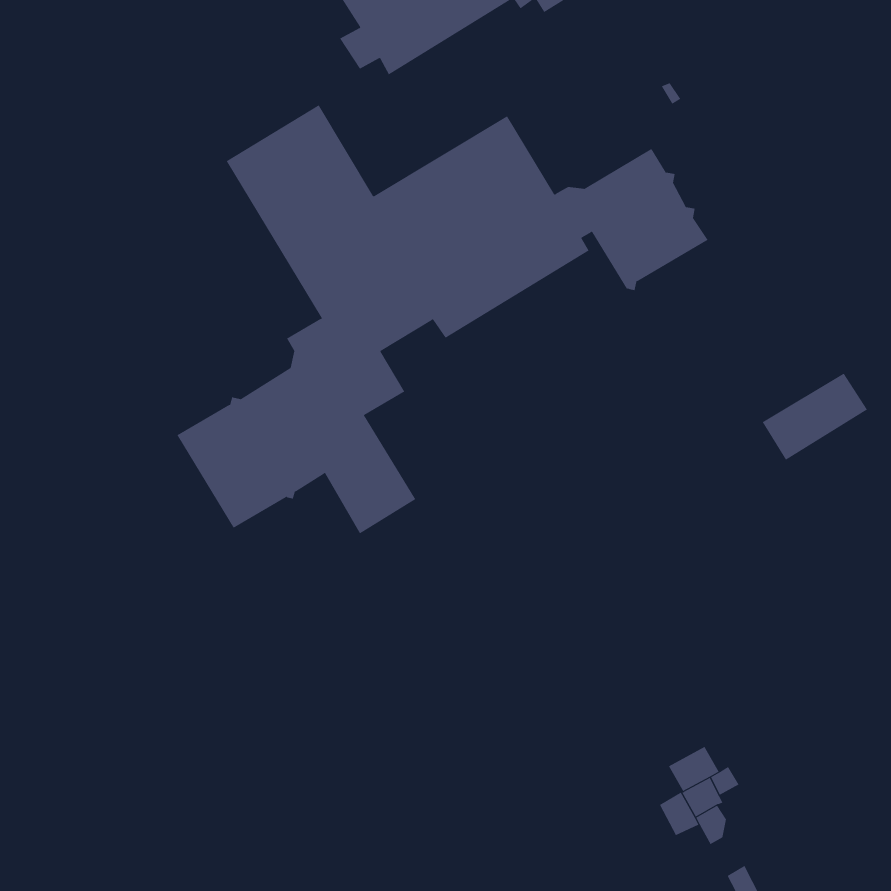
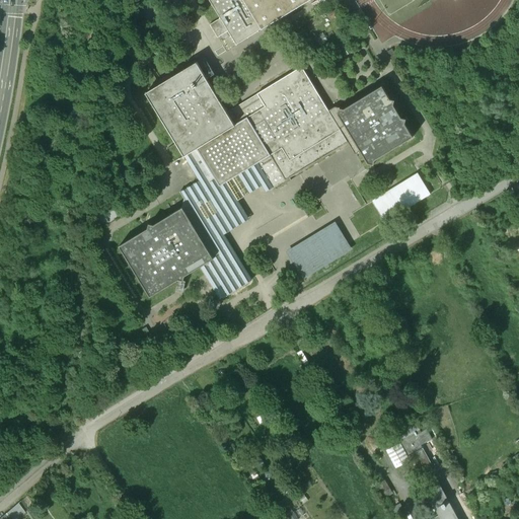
building: [762,373,868,461] -> [371,172,430,221]
building: none -> [287,223,350,277]

